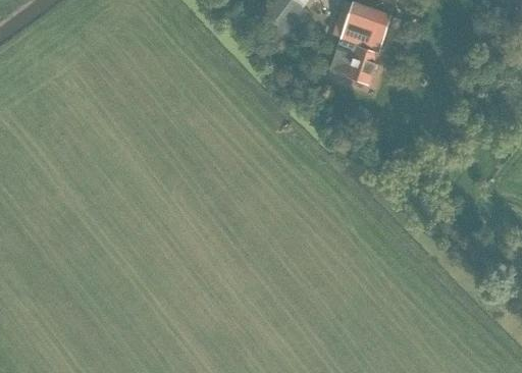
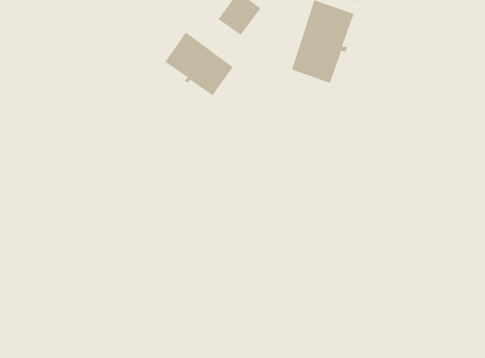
building: none -> [165,32,233,96]

